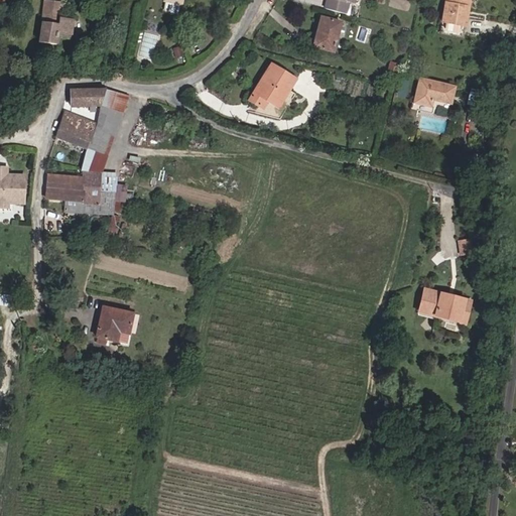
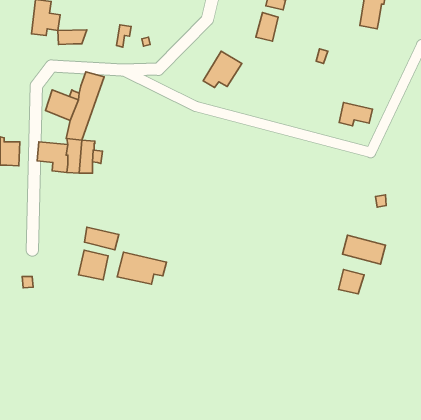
building: [415,77,456,105] -> [339,103,372,126]
building: [71,88,106,106] -> [58,30,87,45]
building: none -> [84,227,119,250]
building: none -> [117,252,167,284]
building: none -> [338,269,364,294]

